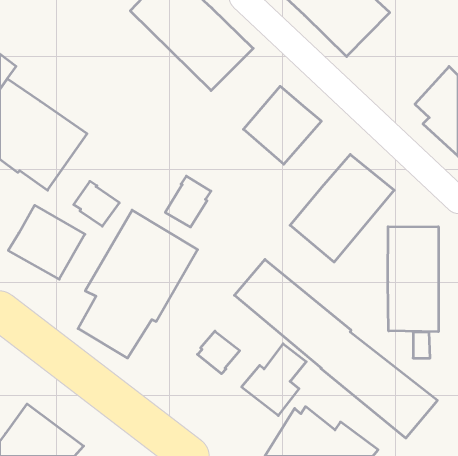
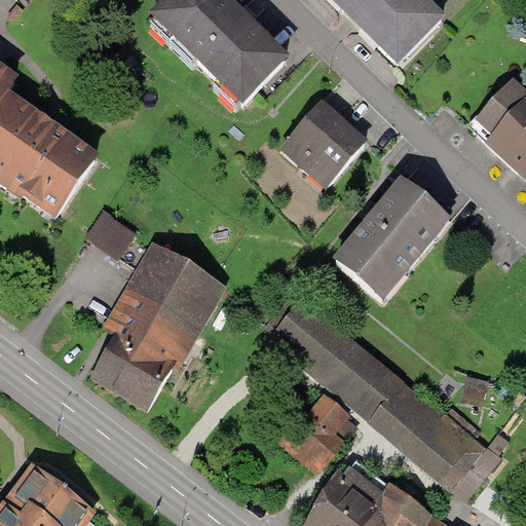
building: [165,176,211,227] -> none
building: [8,205,85,279] -> none
building: [388,227,438,332] -> none
building: [197,331,240,374] -> none

